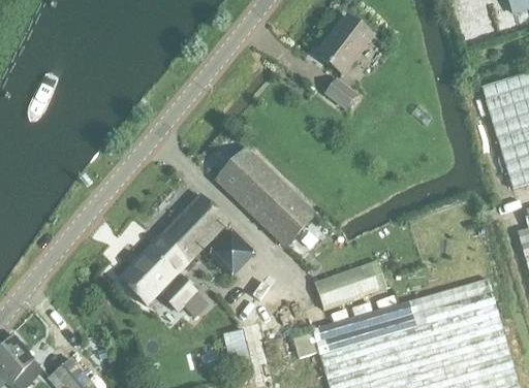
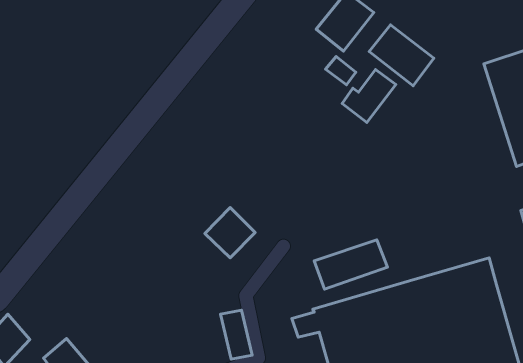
building: none -> [369,25,434,86]
building: none -> [342,69,396,123]
building: [212,152,312,249] -> none
building: [120,194,228,316] -> none

